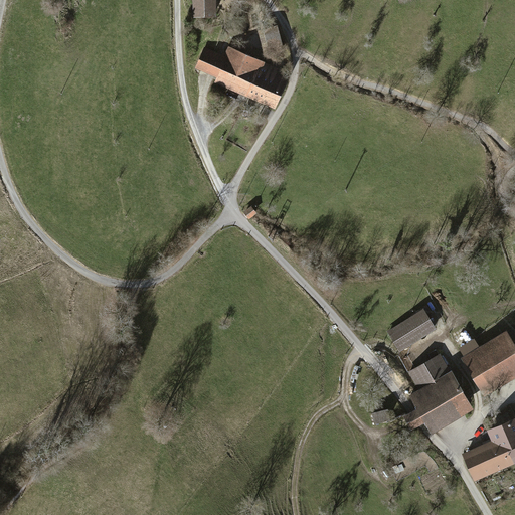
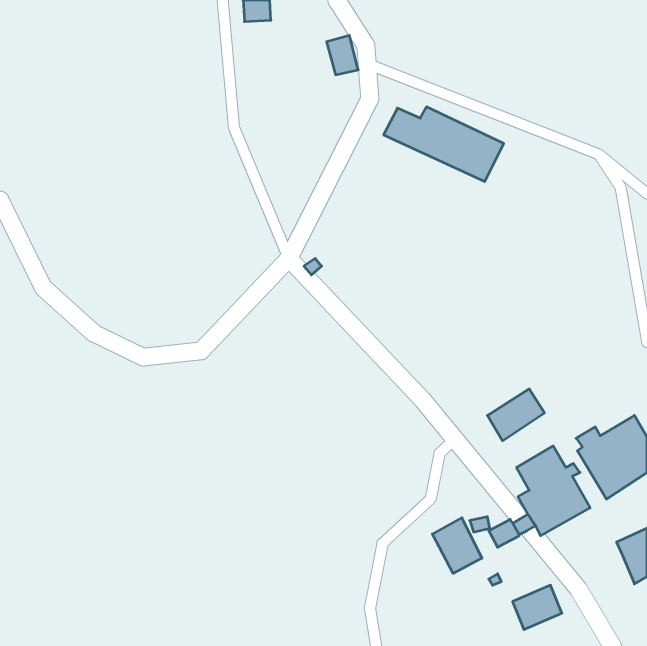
building: [195,49,291,109] -> [384,107,504,182]
building: none -> [432,518,482,573]
building: [465,443,504,478] -> [513,585,562,630]

